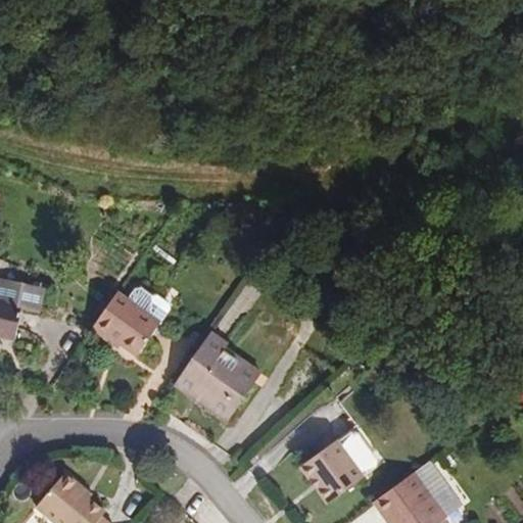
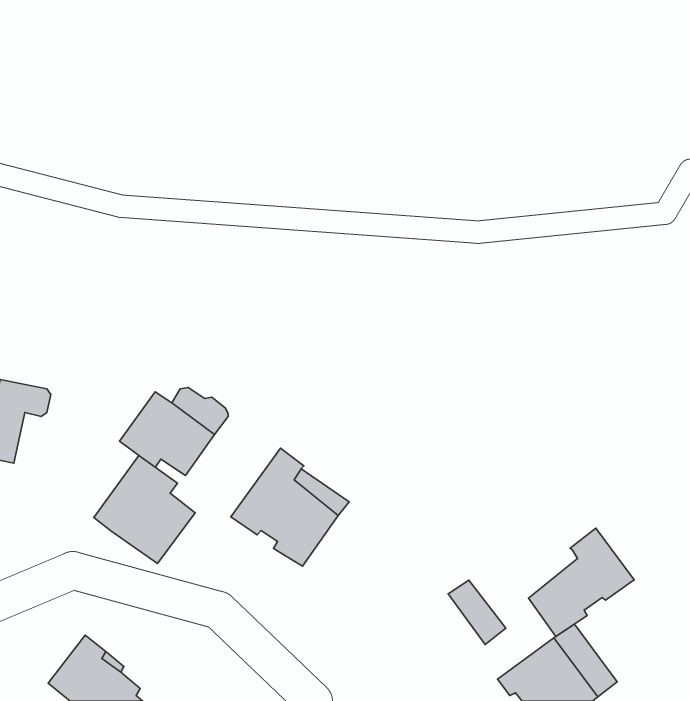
building: none -> [94,455,195,564]
building: none -> [529,528,634,636]
building: [297,441,361,505] -> none

